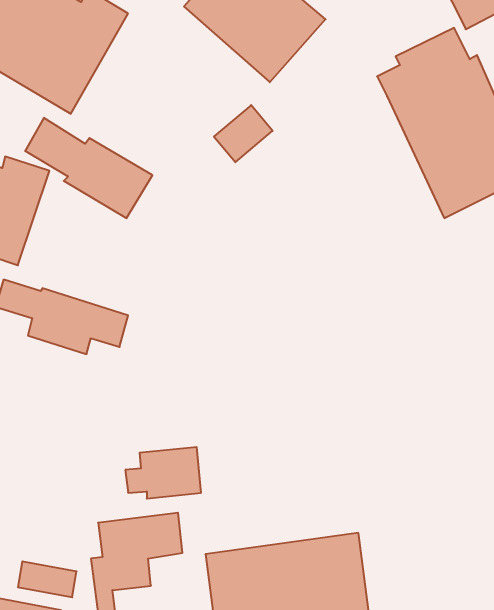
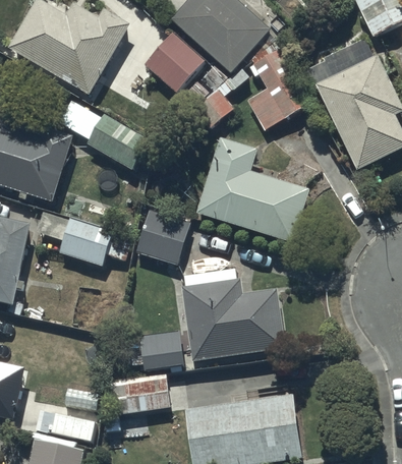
building: none -> [143,32,205,93]
building: none -> [245,50,309,131]
building: none -> [197,136,310,242]
building: none -> [133,210,192,266]
building: none -> [181,268,285,361]

